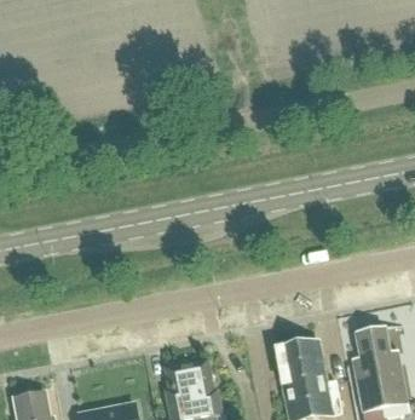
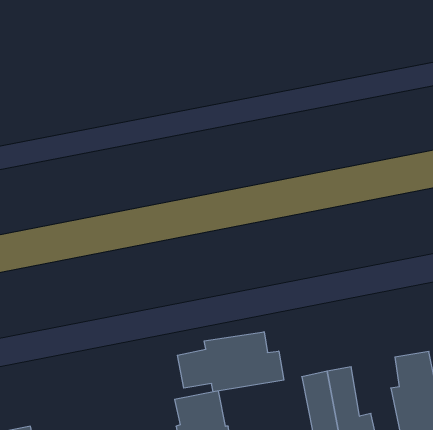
building: none -> [177,332,284,392]

